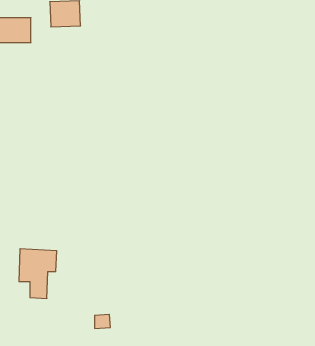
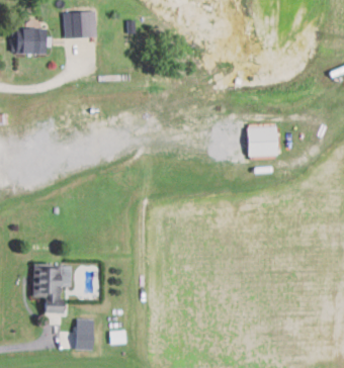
building: none -> [248,123,276,155]
building: none -> [76,318,94,350]

